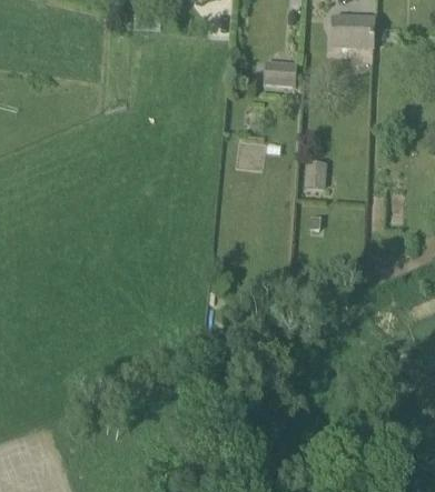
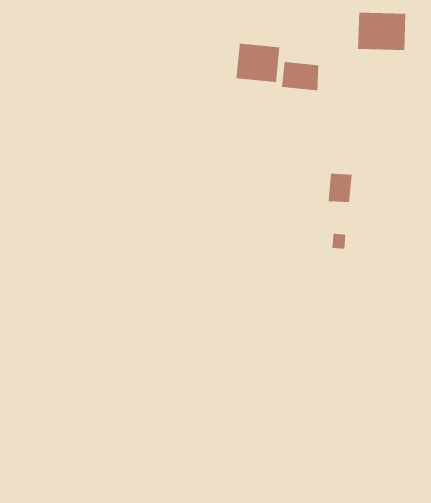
building: none -> [236,43,280,83]

